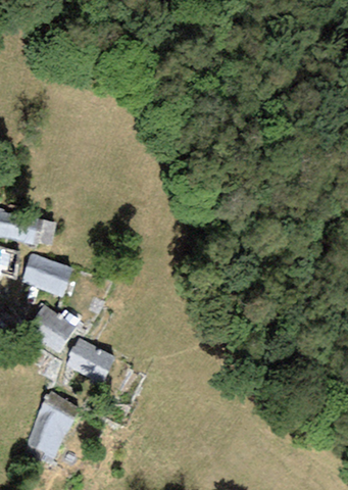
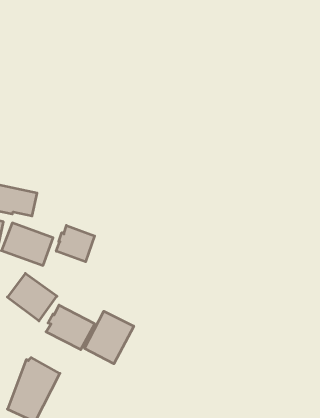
building: none -> [56,225,95,262]
building: none -> [85,311,134,364]

